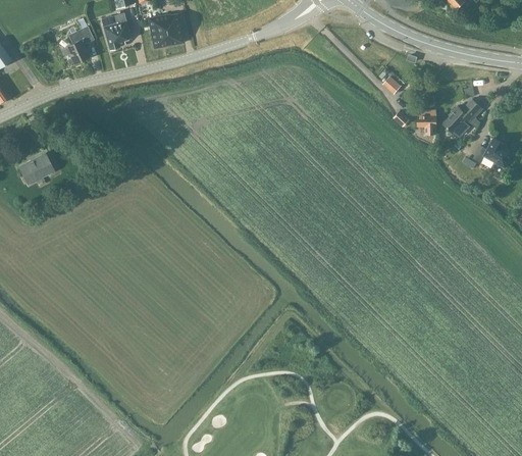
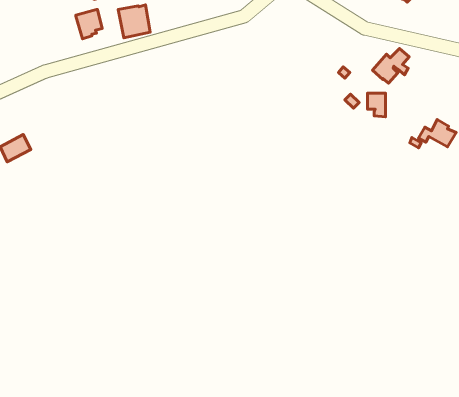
building: [61,26,94,64] -> none
building: [442,100,482,138] -> [372,48,409,83]

